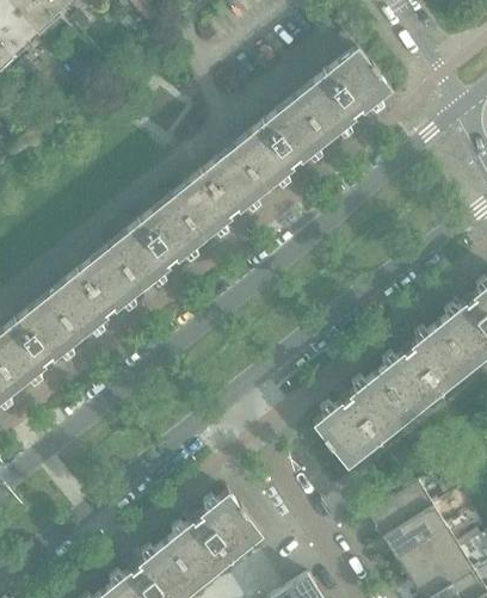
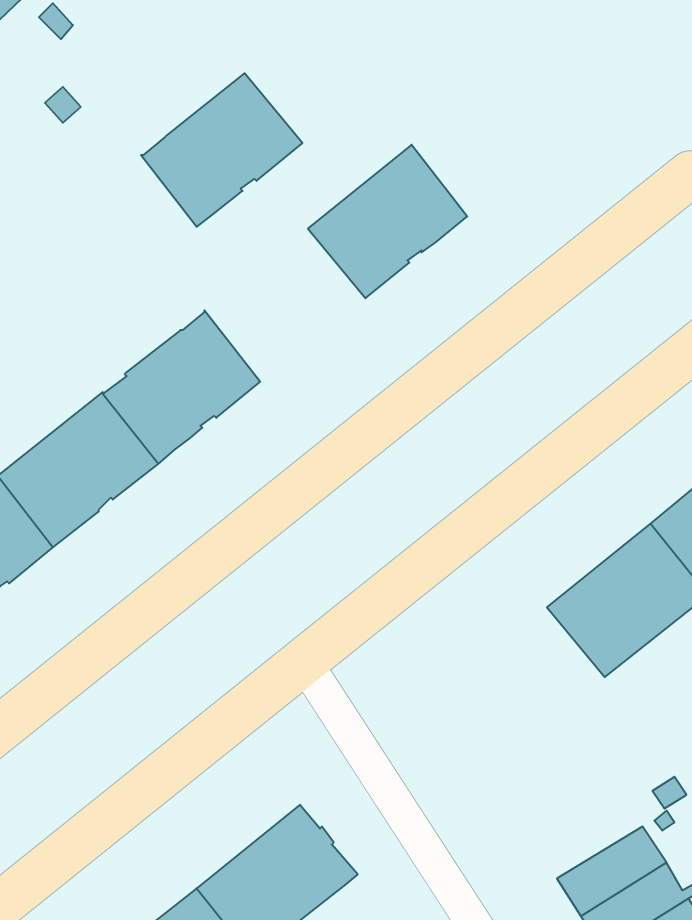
building: [295,49,392,142] -> none
building: [171,149,267,241] -> [141,73,302,227]
building: [313,376,411,469] -> none
building: [368,483,433,538] -> none

